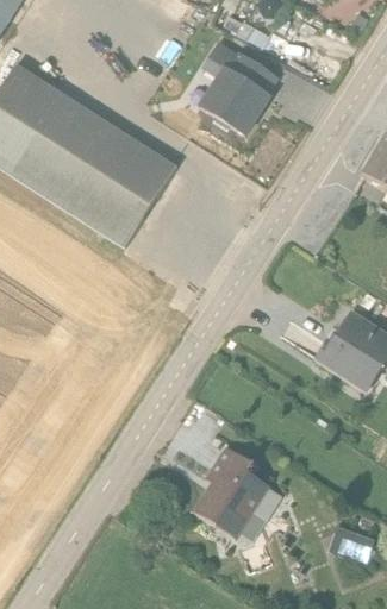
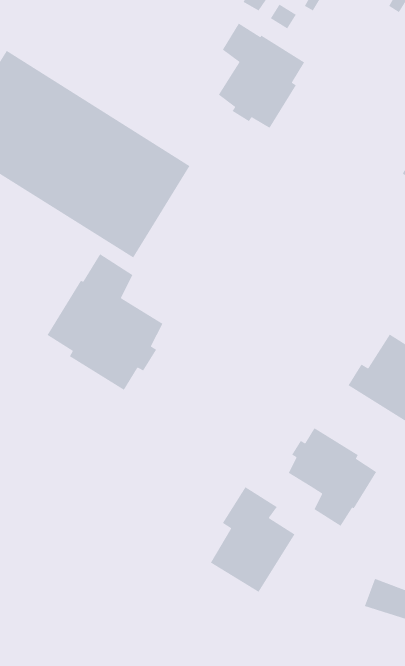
building: none -> [47,253,163,391]
building: none -> [288,427,377,527]

